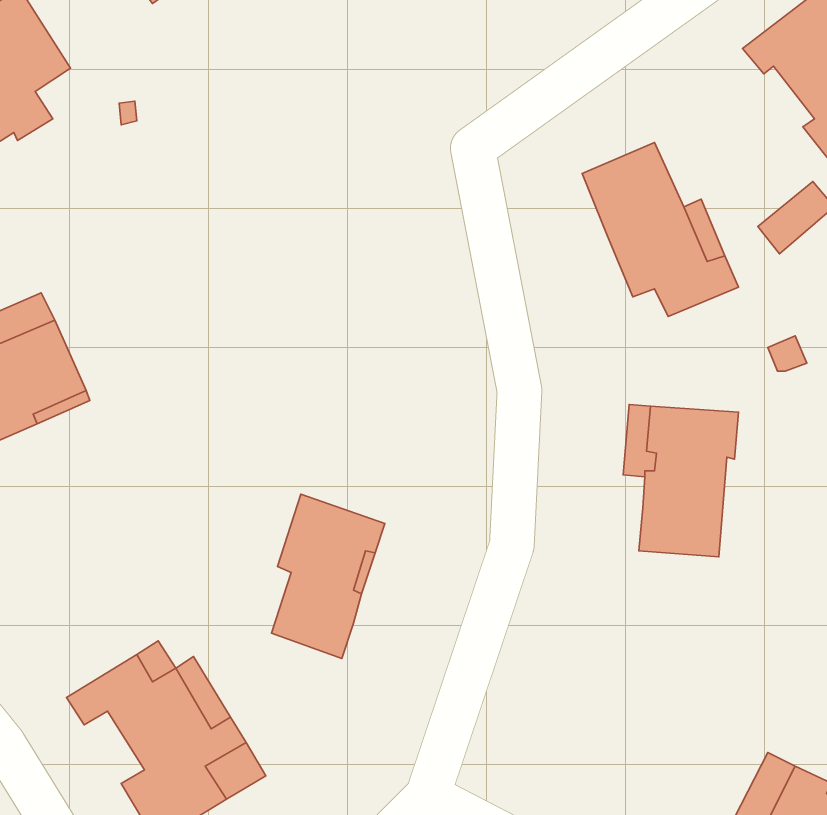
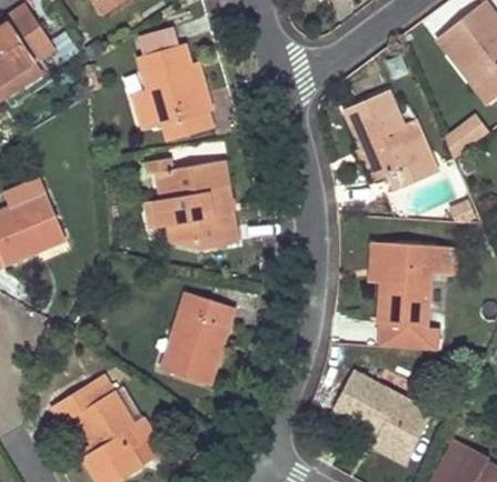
building: none -> [131,43,211,130]
building: none -> [155,160,237,249]
building: none -> [377,323,439,351]
building: none -> [331,369,431,460]

